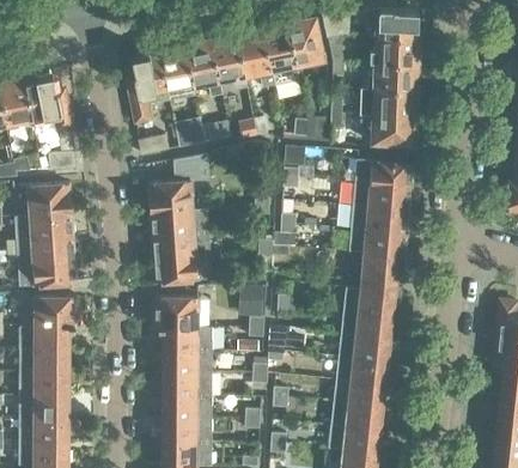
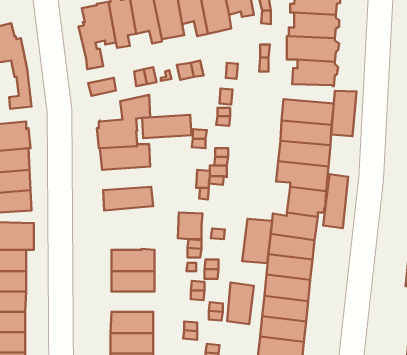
building: none -> [331,91,356,136]
building: [153,235,208,261] -> [142,115,191,138]
building: none -> [323,174,348,228]
building: none -> [242,219,272,263]
building: [154,298,197,328] -> none
building: none -> [227,283,254,324]
building: [164,375,212,397] -> none

